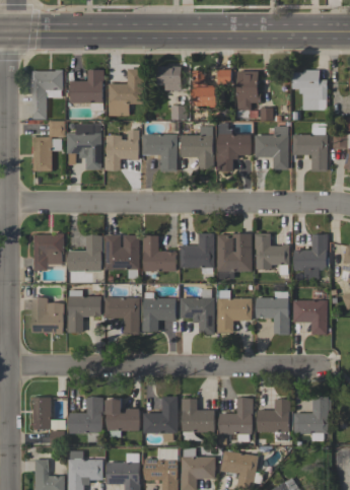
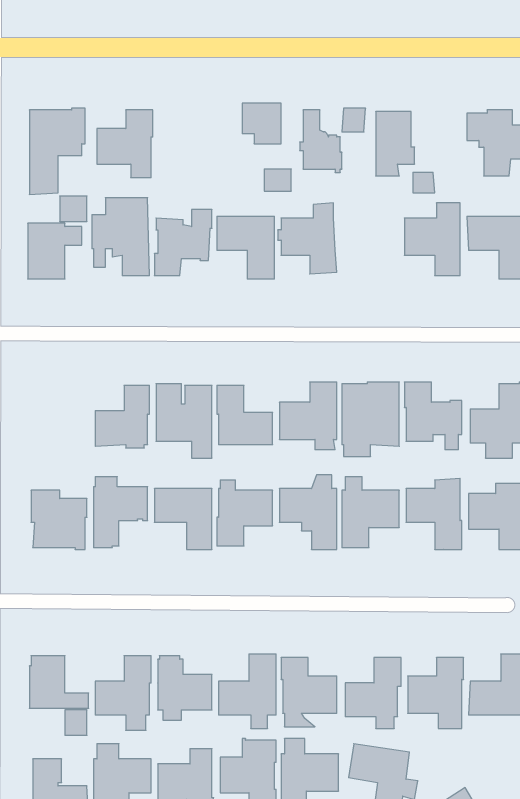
building: [108,69,143,116] -> none
building: [215,123,251,170] -> none
building: [30,233,64,271] -> none

